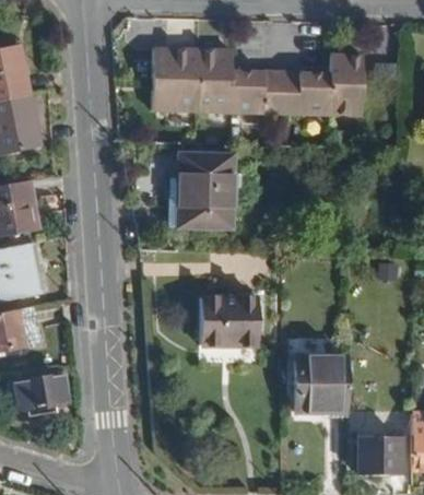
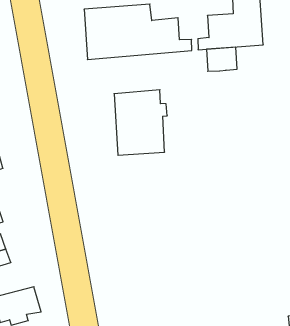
building: [266,72,302,99] -> [206,47,237,71]
building: [202,297,260,345] -> none
building: [297,354,349,413] -> none

